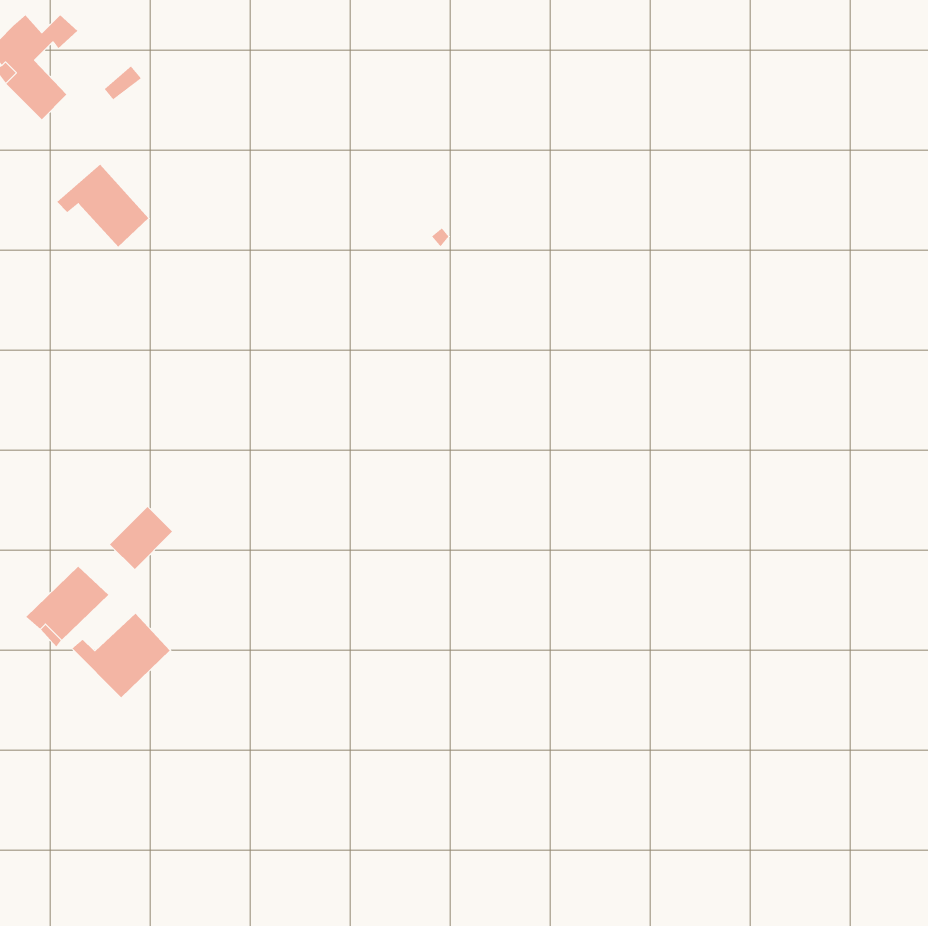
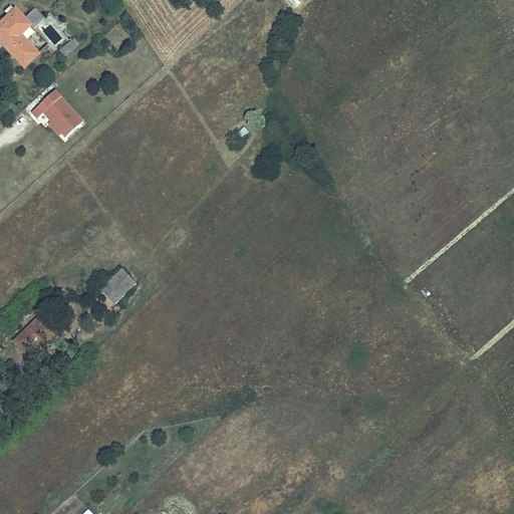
building: [109,506,173,570] -> [100,268,136,303]
building: [72,613,171,698] -> none

